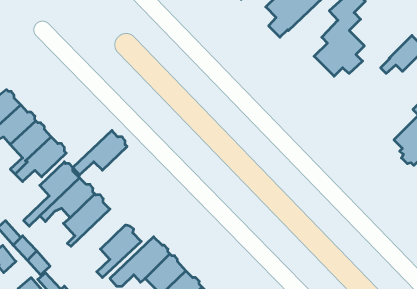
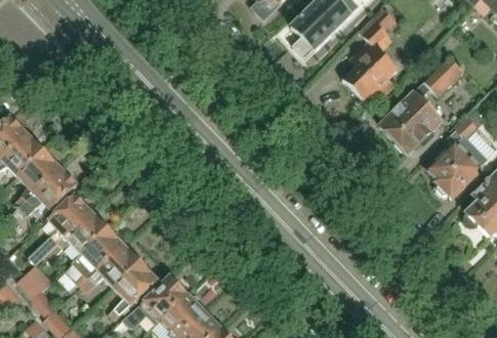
building: none -> [379,90,443,154]
building: [73,130,127,175] -> [80,244,138,292]

